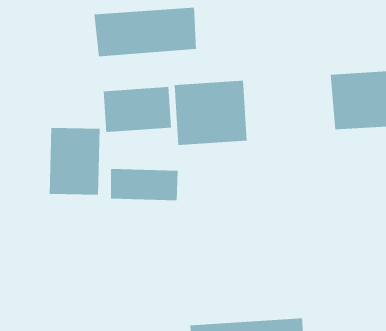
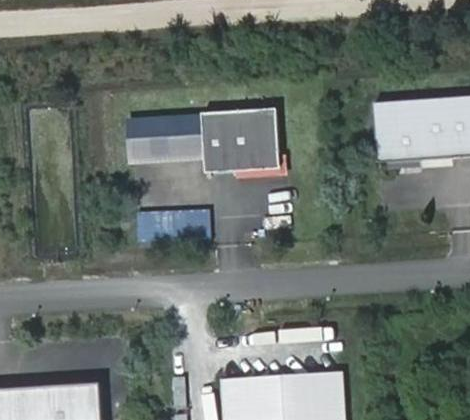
building: [94,7,197,57] -> none
building: [49,127,100,196] -> none

